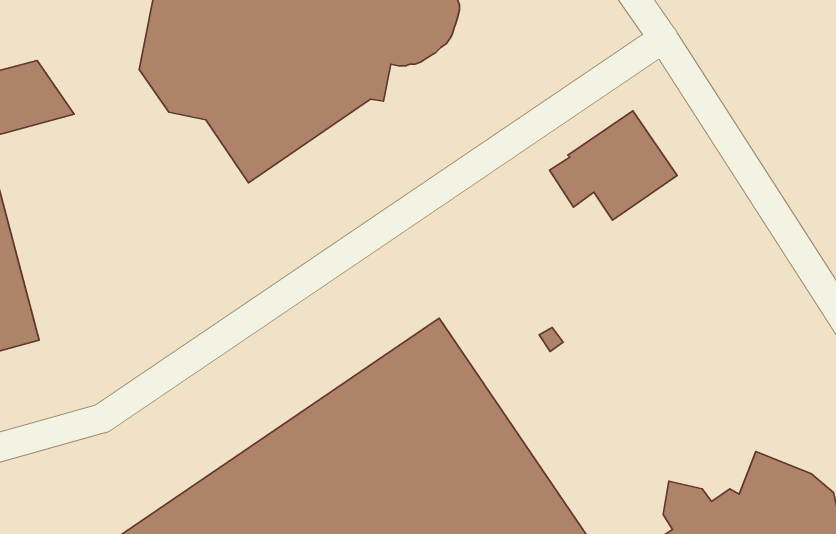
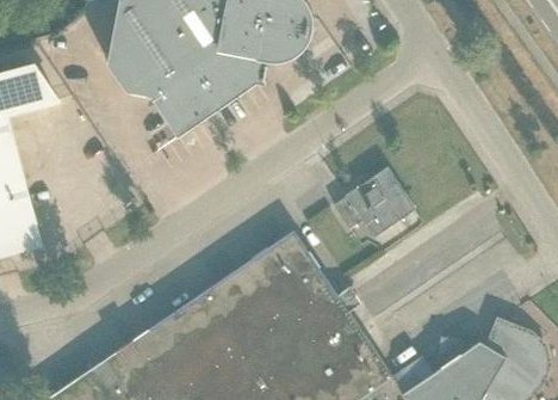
building: [549,111,677,220] -> [336,170,418,240]

